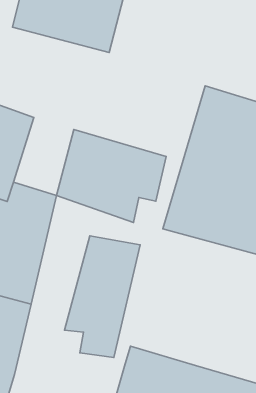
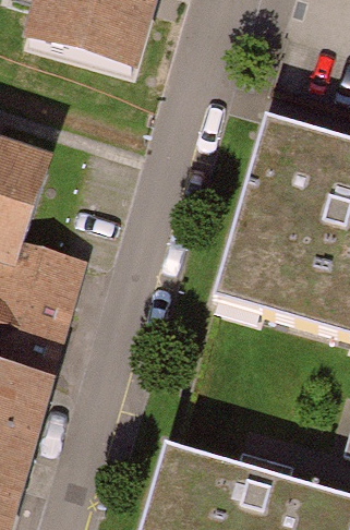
building: [57,129,166,222] -> none
building: [65,236,140,357] -> none

